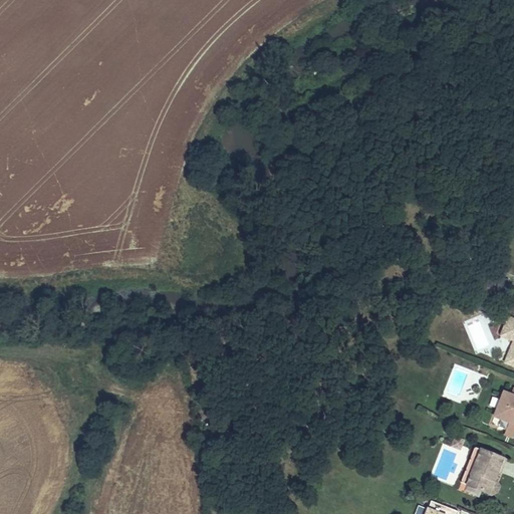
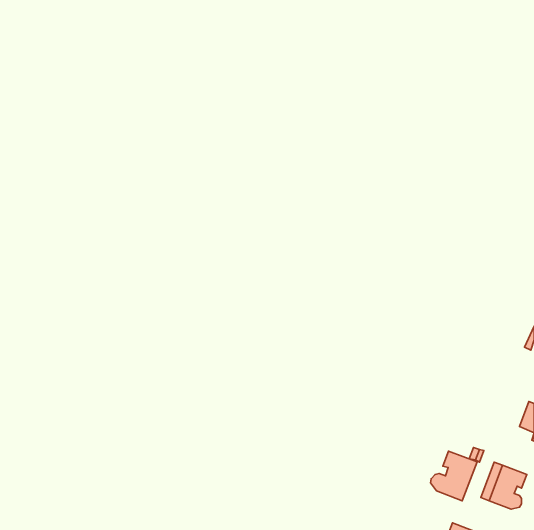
building: none -> [431,451,477,501]

